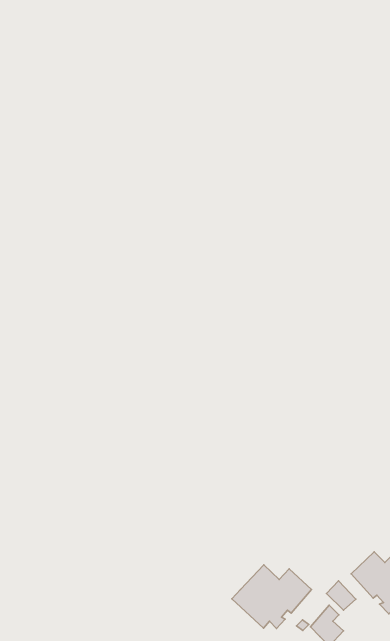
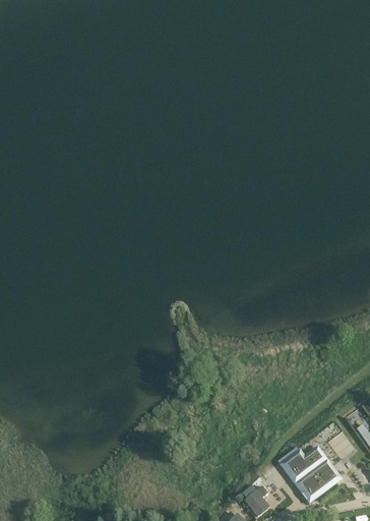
building: [232,565,312,628] -> none

